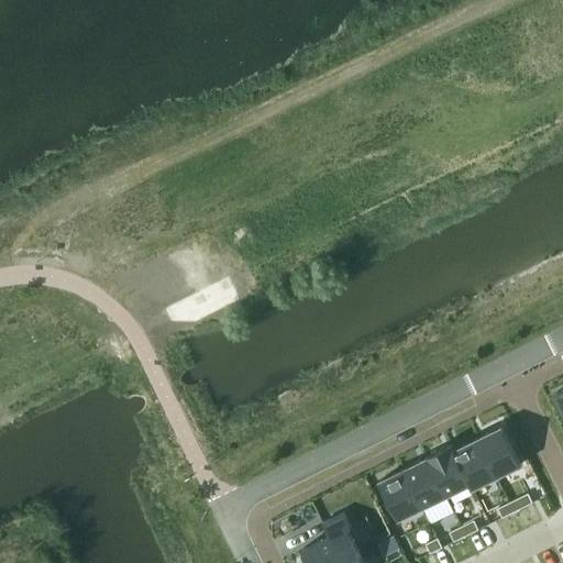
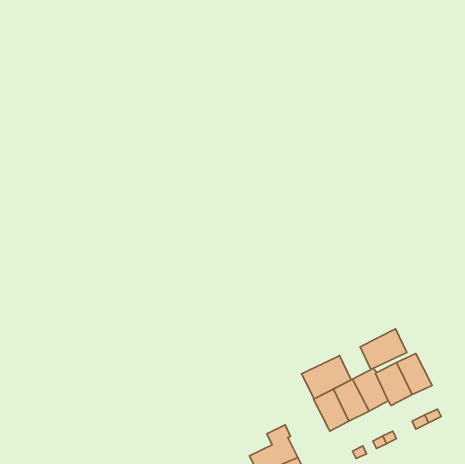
building: none -> [360,329,407,369]
building: none -> [302,356,351,399]

